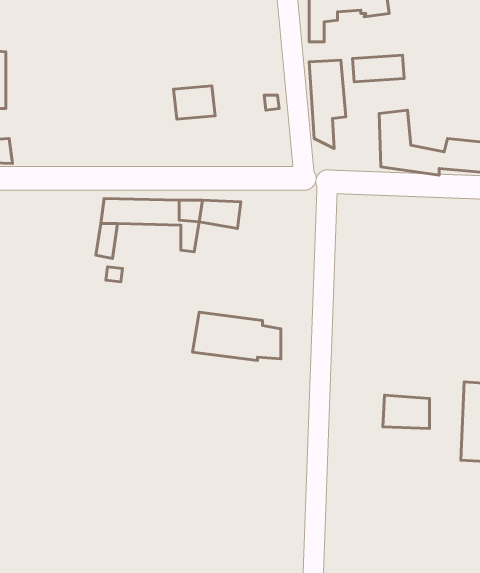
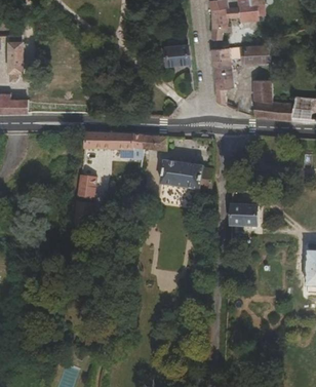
building: [174,86,215,119] -> [166,46,192,67]
building: [192,312,281,361] -> [159,159,213,189]
building: [383,395,429,428] -> [229,203,258,224]

